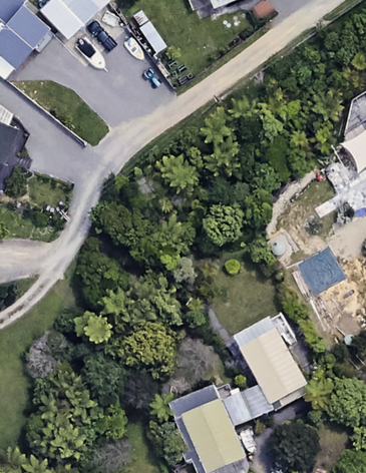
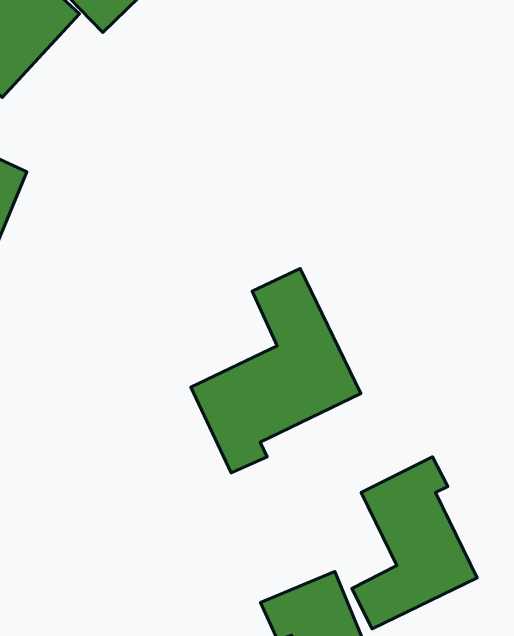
building: none -> [191,269,361,473]

